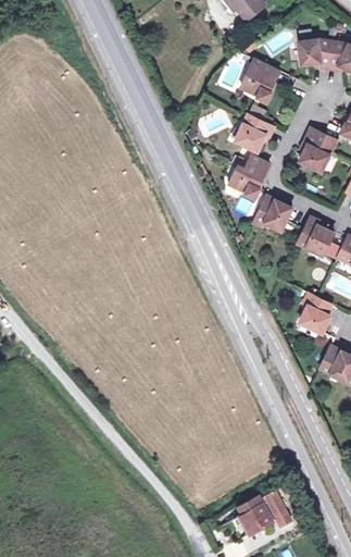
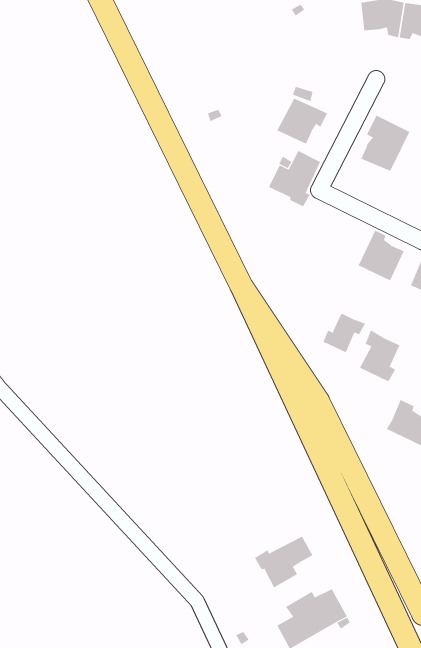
building: [241,60,279,102] -> none
building: [253,195,291,231] -> none
building: none -> [323,313,366,353]
building: none -> [254,536,313,588]

